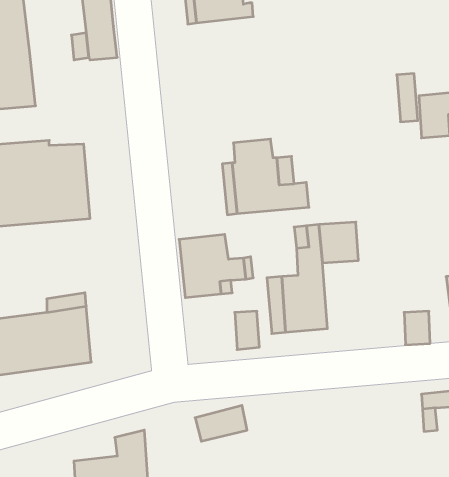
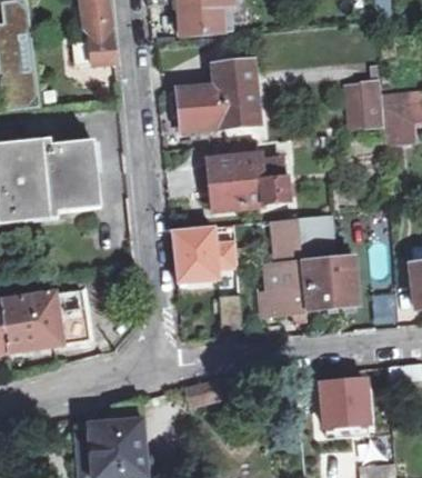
building: none -> [179,60,258,131]
building: none -> [344,81,370,129]
building: none -> [302,251,354,308]
building: none -> [320,379,376,435]

